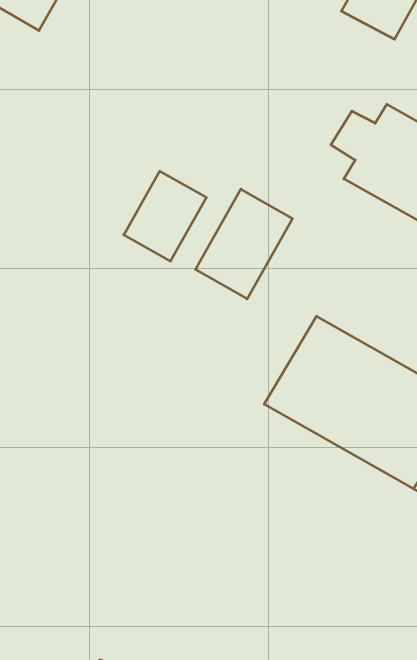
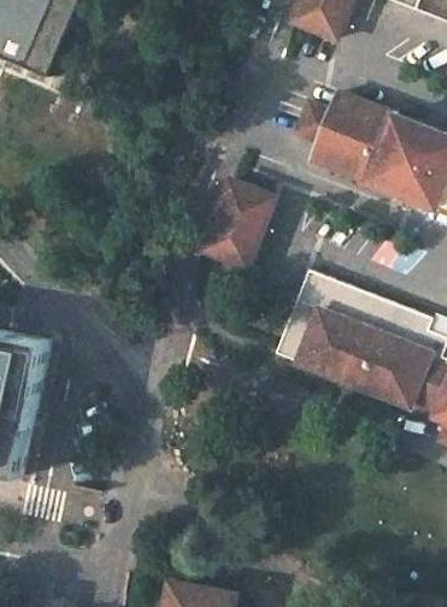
building: [124,171,206,261] -> none

